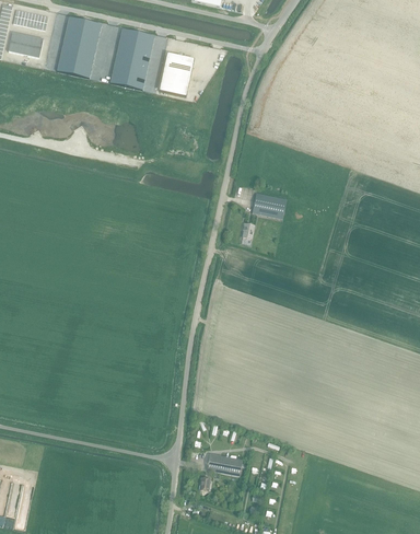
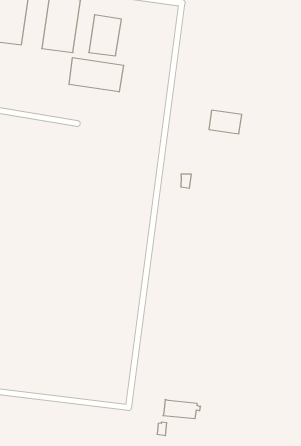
building: none -> [69,58,124,92]
building: [250,191,285,218] -> [209,110,242,134]

